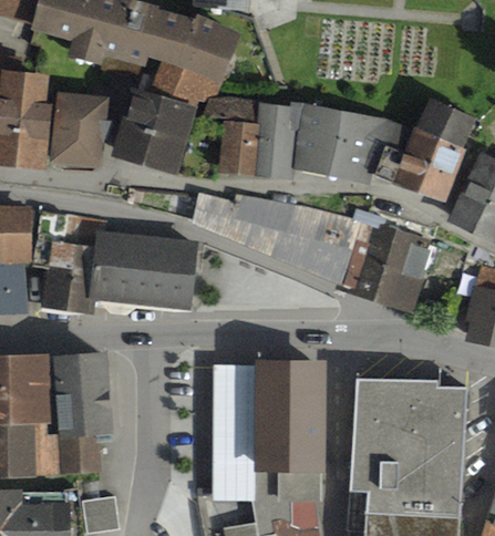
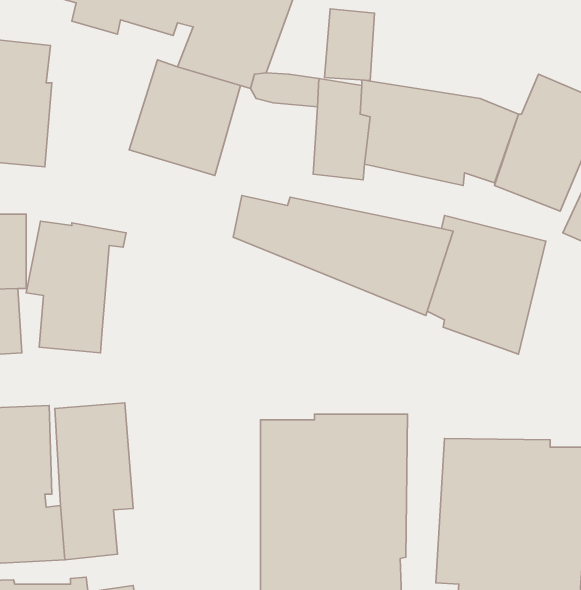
building: [49,92,112,169] -> none
building: [218,120,257,175] -> [324,9,374,80]
building: [90,230,197,310] -> none

